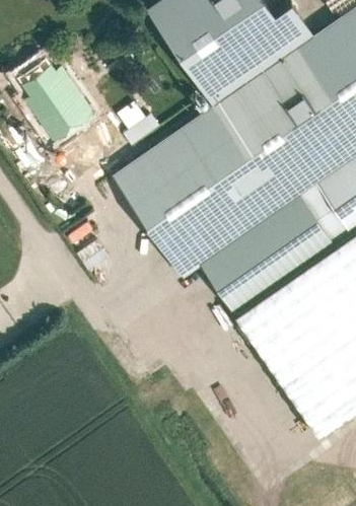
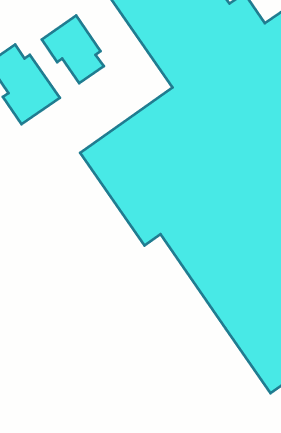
building: none -> [42,16,104,83]

